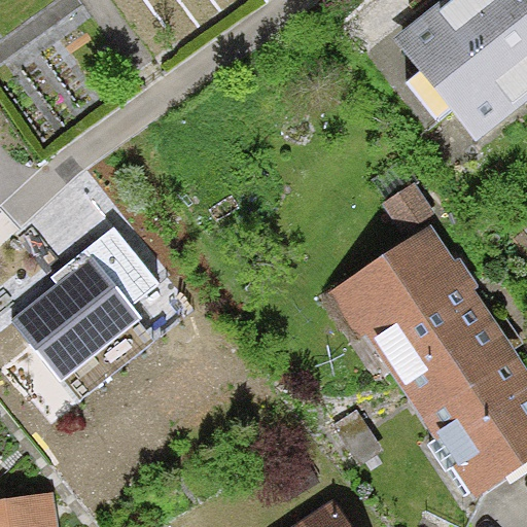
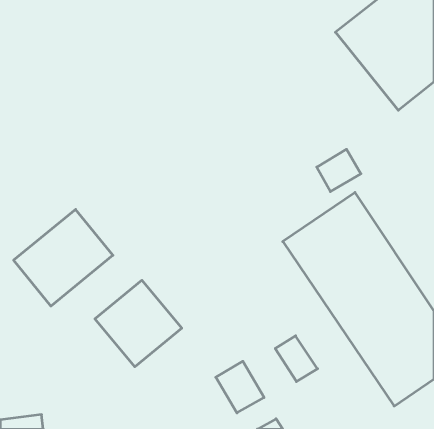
building: none -> [95,280,182,367]

